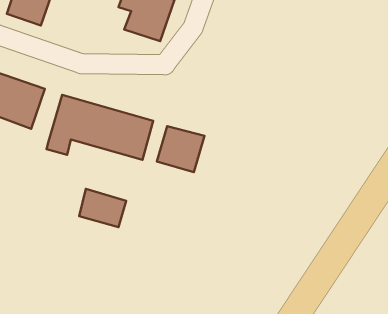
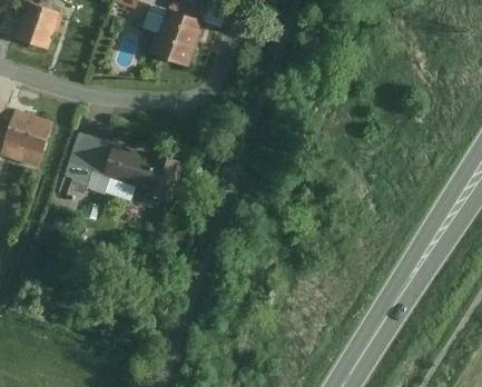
building: [157,126,205,172] -> none
building: [79,189,126,227] -> none

